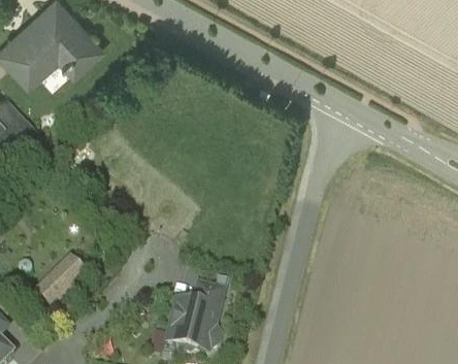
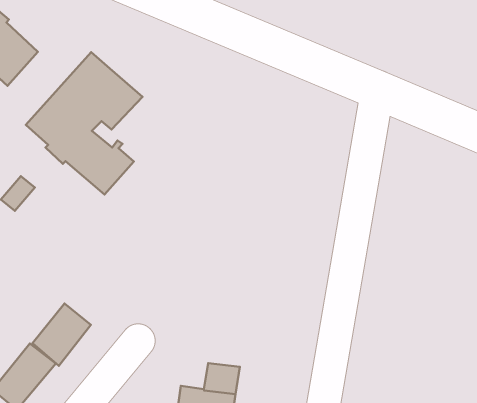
building: none -> [26,52,142,194]
building: none -> [32,304,91,366]

